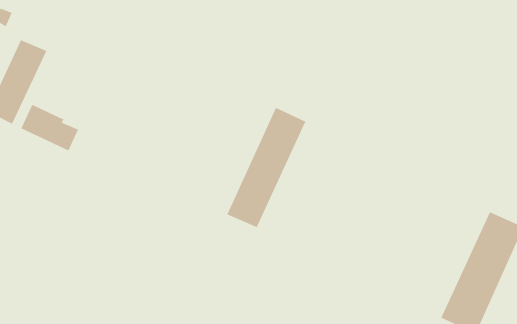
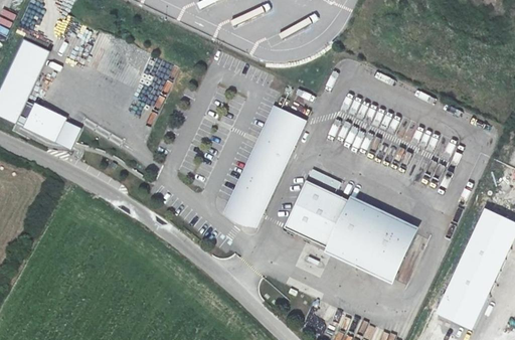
building: none -> [285,170,415,281]

